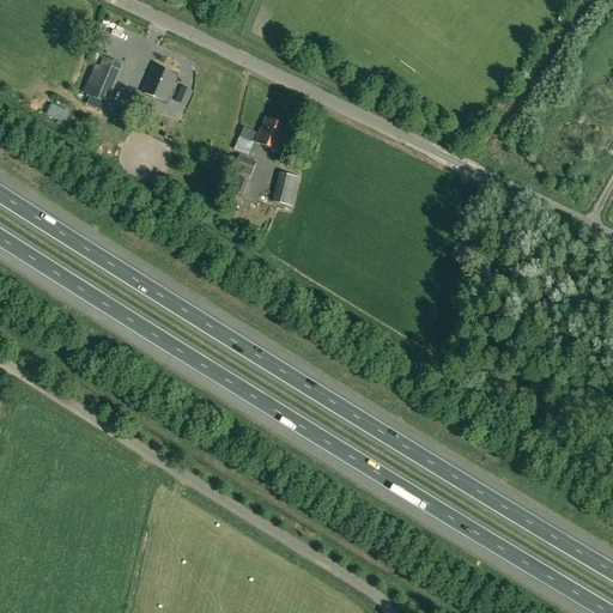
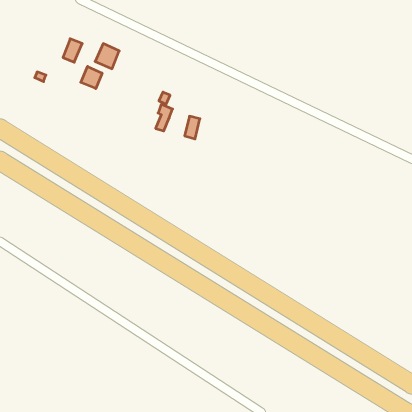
building: none -> [81,66,102,89]
building: [255,117,290,151] -> none

